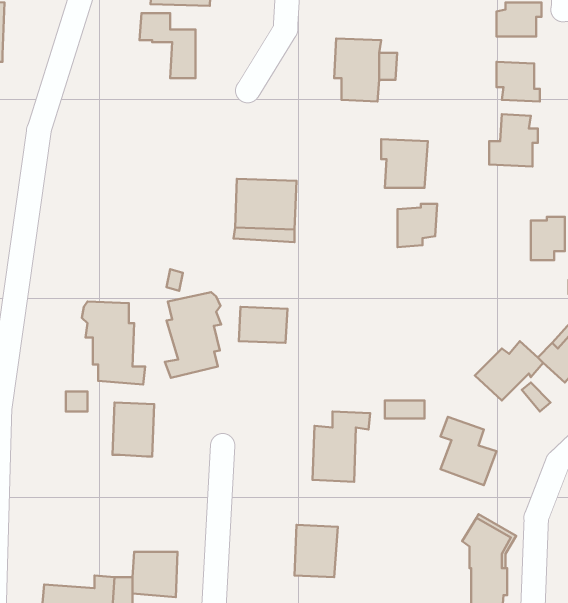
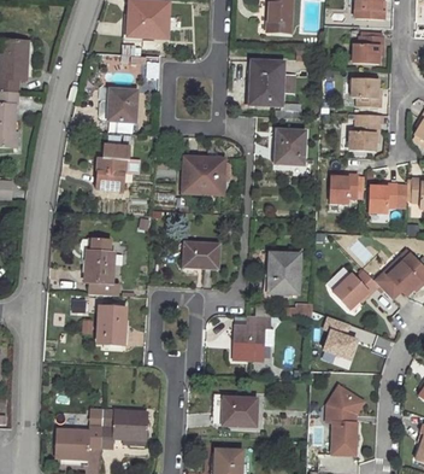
building: none -> [104,88,131,121]
building: none -> [94,145,126,188]
building: [397,204,437,247] -> [331,172,358,201]
building: [165,292,221,378] -> none
building: none -> [267,253,296,293]

